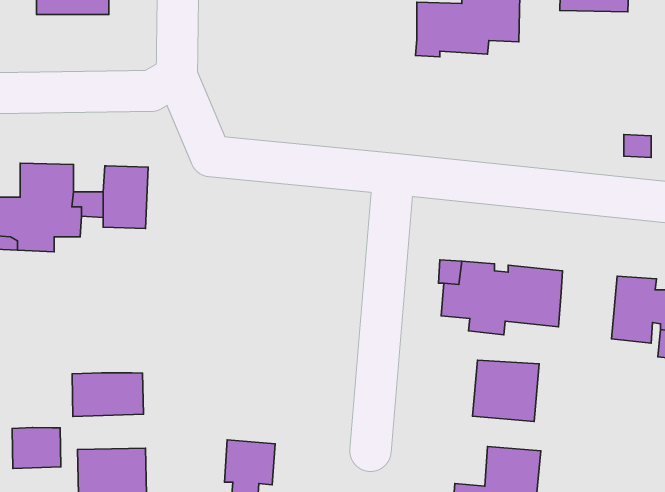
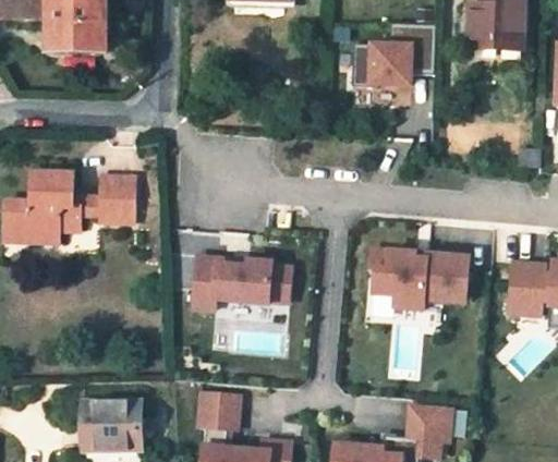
building: none -> [193,257,290,309]
building: [473,360,539,421] -> none
building: [72,373,143,416] -> none
building: [12,427,61,468] -> none

